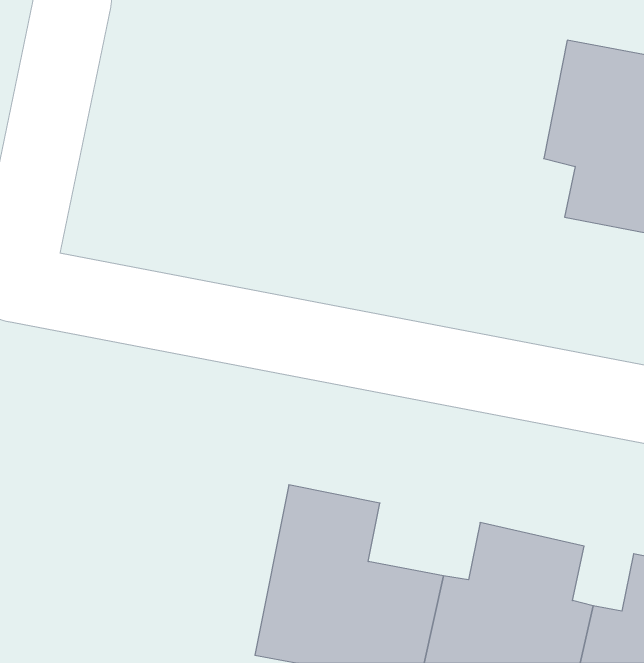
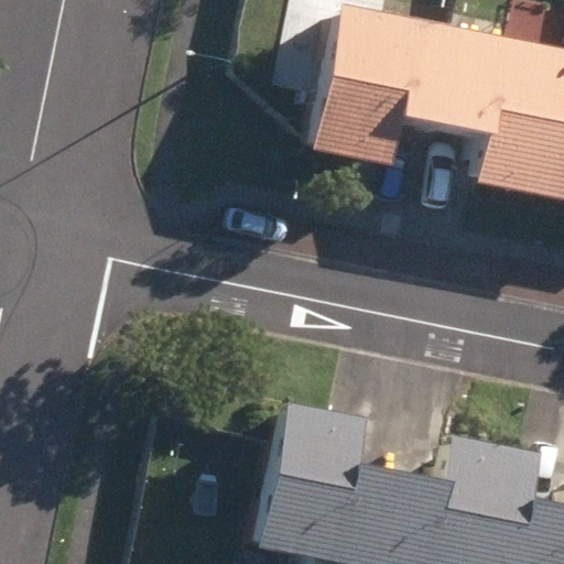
building: none -> [330,6,498,165]

